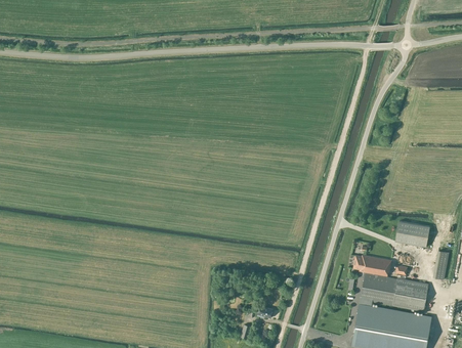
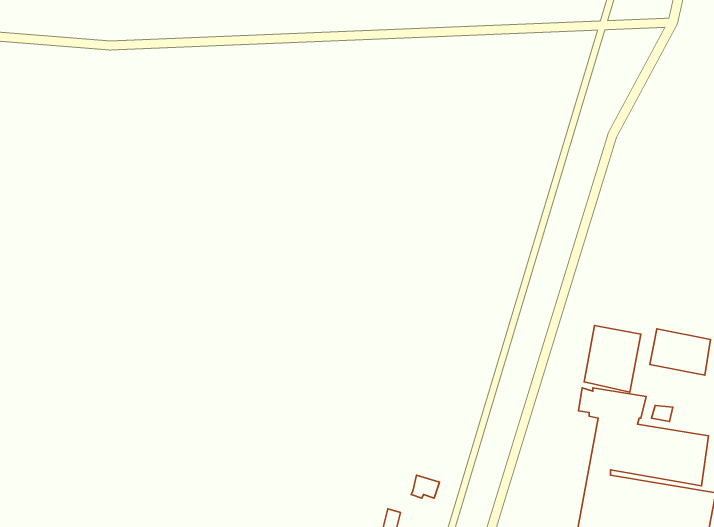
building: none -> [584,325,641,392]

